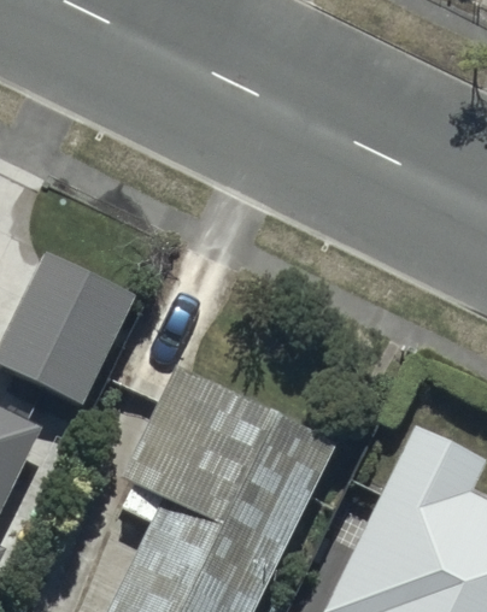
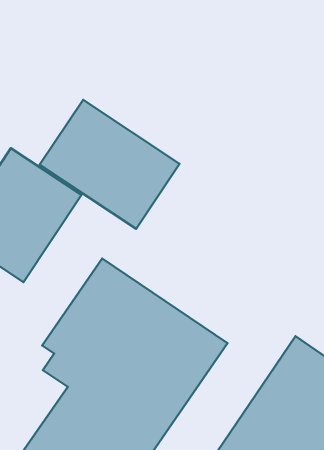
building: none -> [39,100,180,229]

